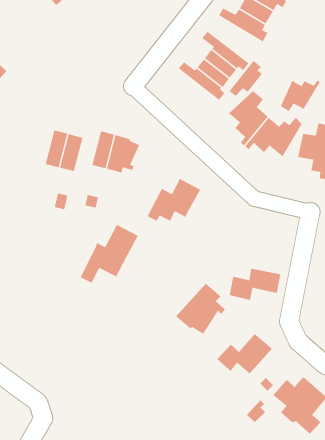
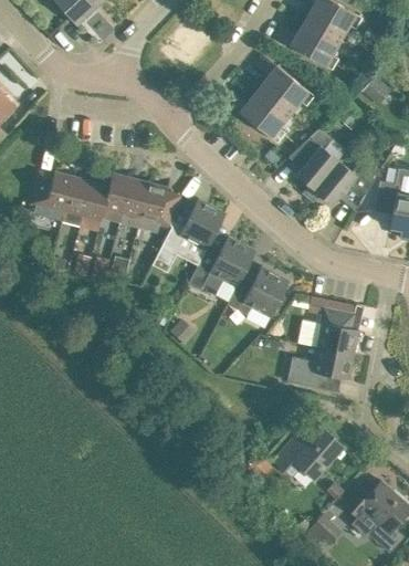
building: [229,60,263,97] -> none
building: [280,80,321,112] -> none
building: none -> [30,163,73,220]
building: none -> [98,174,130,230]
building: none -> [226,266,289,316]
building: [80,224,139,284] -> [151,199,224,273]
building: none -> [310,297,358,355]
building: [175,283,226,335] -> none

